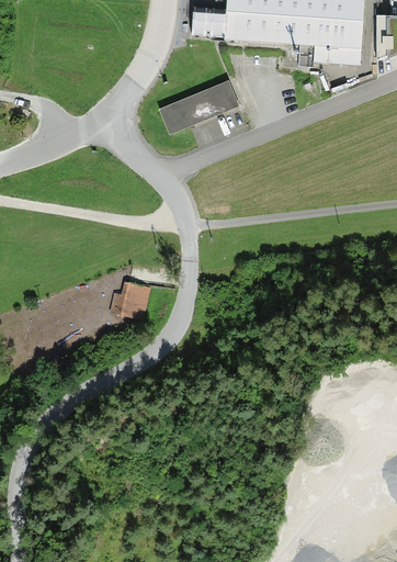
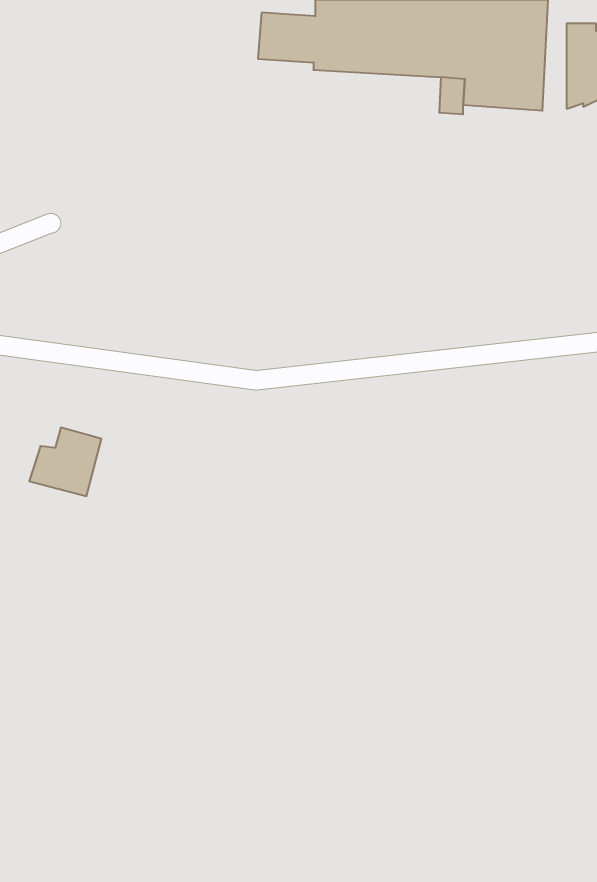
building: [158,78,240,134] -> none
building: [109,282,151,323] -> [29,428,101,496]

